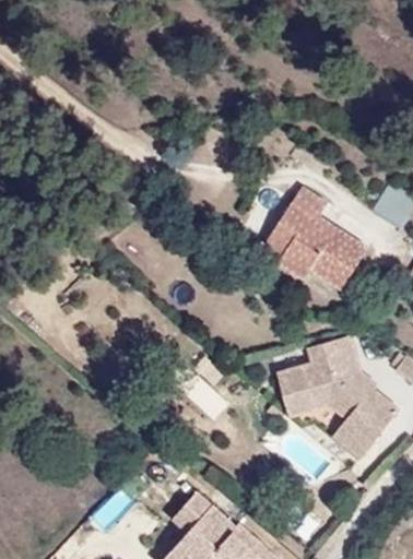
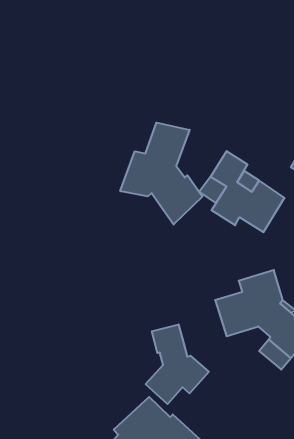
building: none -> [120,123,202,225]
building: none -> [146,324,209,404]

